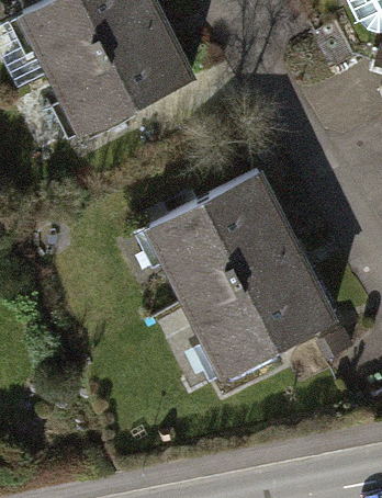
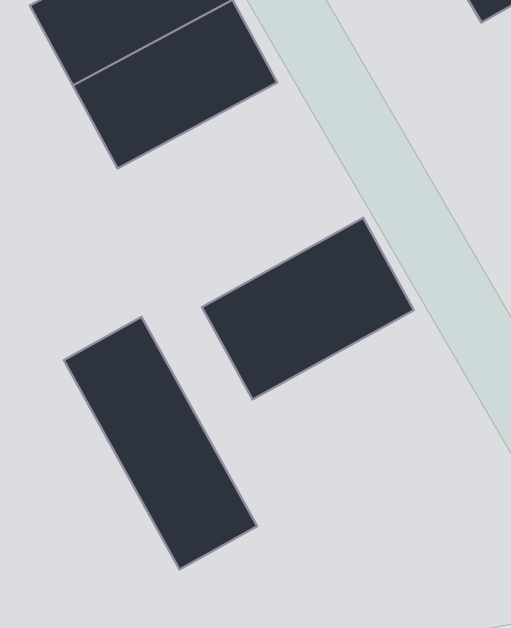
building: [181,237,341,382] -> none
building: none -> [64,317,257,570]

